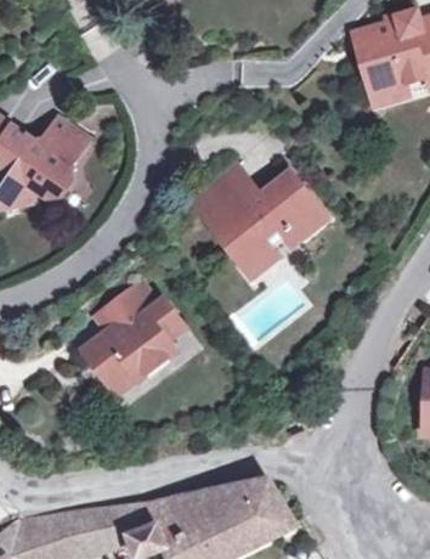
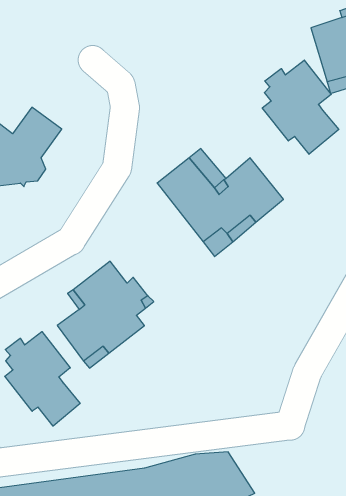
building: none -> [262,60,339,154]
building: none -> [5,332,80,426]

